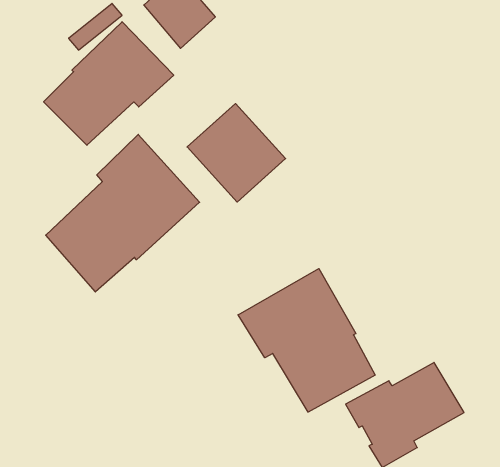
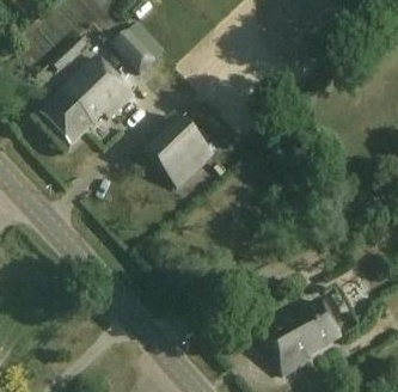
building: [46,134,200,292] -> none
building: [238,269,375,412] -> none

